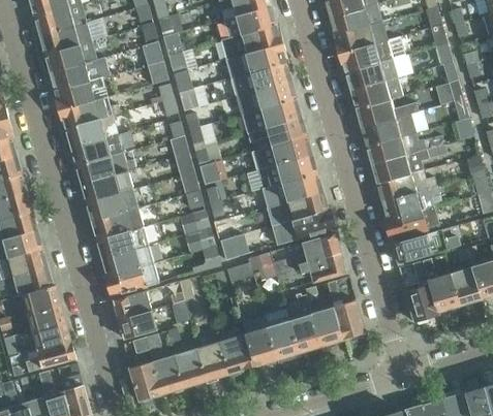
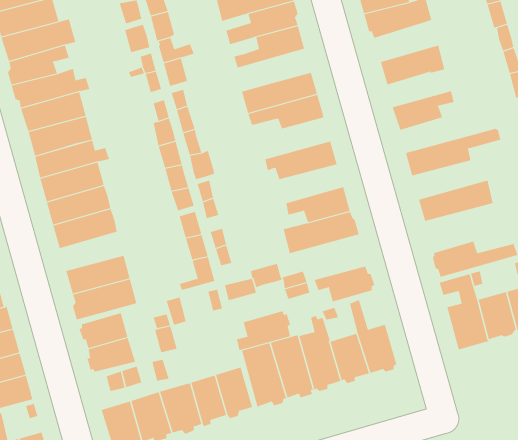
building: [346,58,398,91] -> none
building: [238,81,297,108] -> none
building: [357,99,425,127] -> none
building: [367,134,443,163] -> none
building: [251,135,312,169] -> none
building: [376,169,437,200] -> none
building: [267,172,322,205] -> none
building: [387,205,439,238] -> none
building: [96,226,148,257] -> none
building: [297,232,340,264] -> [236,310,291,351]

